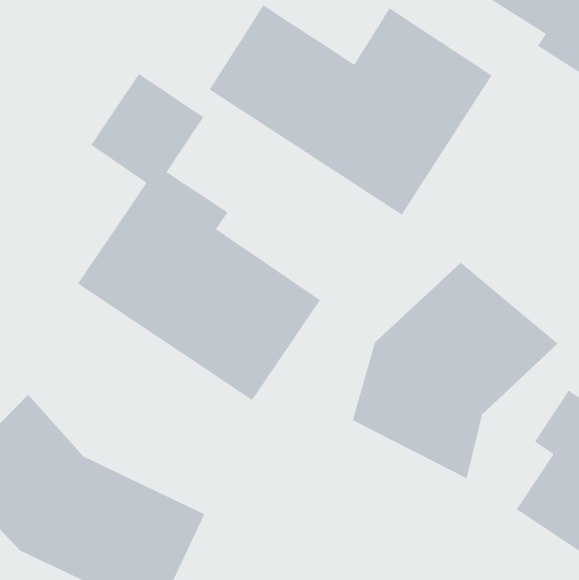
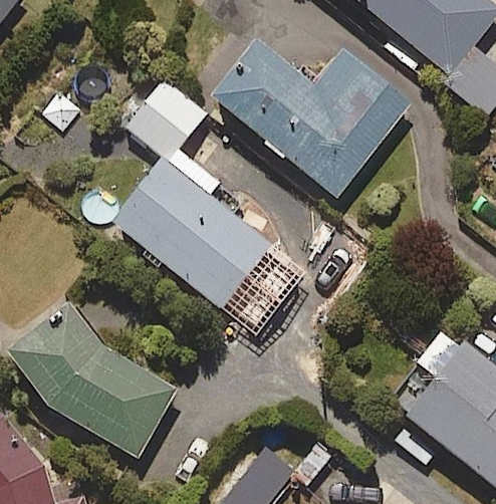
building: [352,262,558,479] -> none

